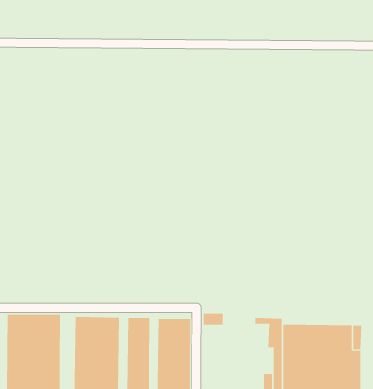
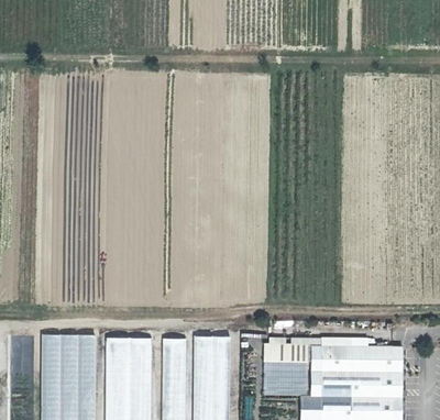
building: none -> [265,343,308,395]

